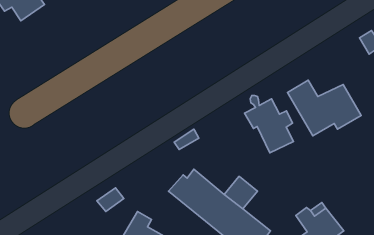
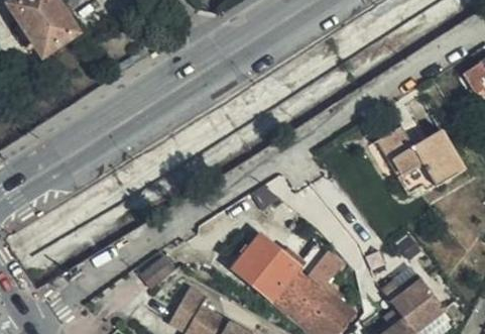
building: [244,96,294,153] -> none

